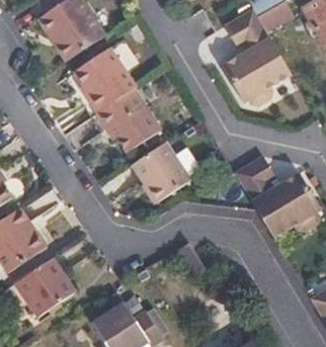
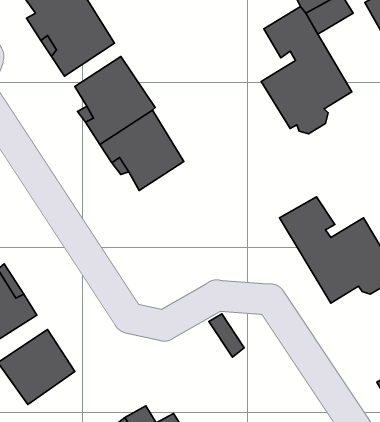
building: [132,143,189,200] -> none

